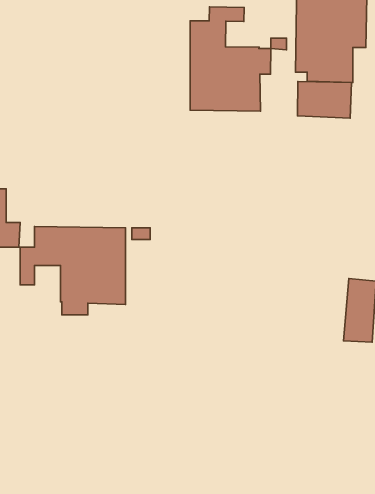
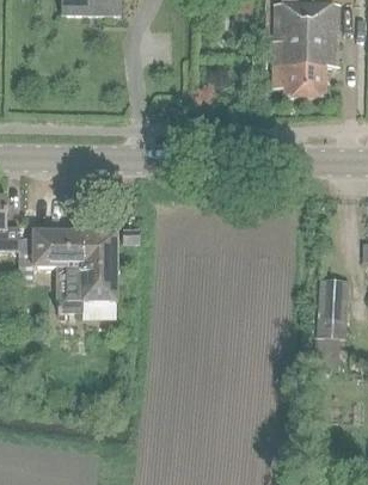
building: [190,7,271,111] -> none
building: [298,82,352,118] -> none

